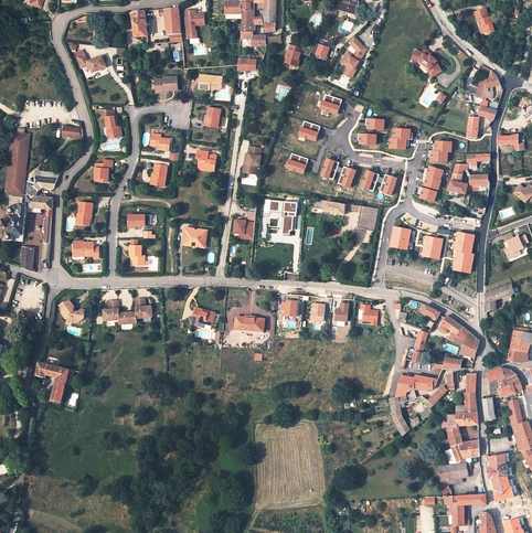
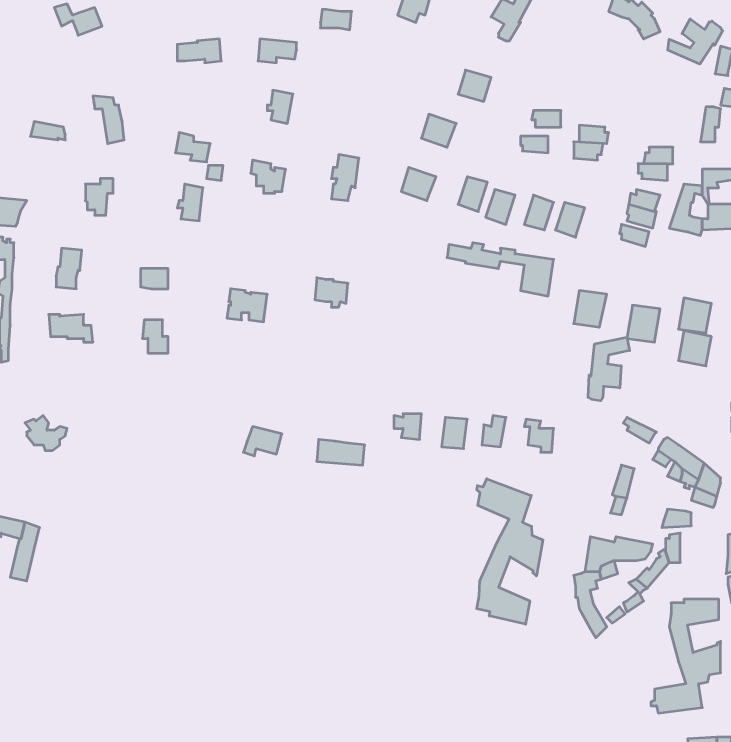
building: none -> [668,19,723,64]
building: [270,200,298,234] -> none
building: none -> [588,337,630,401]
building: [104,298,152,324] -> none
building: none -> [477,479,543,624]
building: [450,373,477,413] -> none

